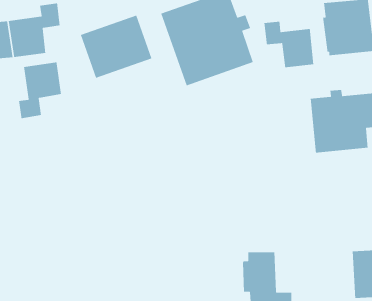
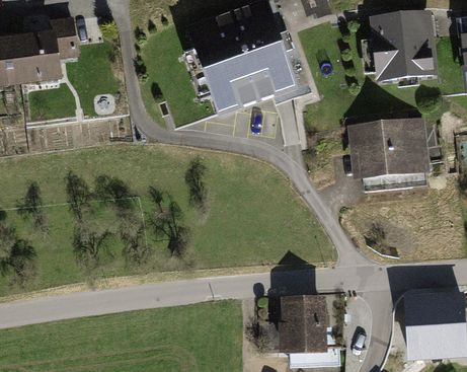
building: [80,14,152,79] -> none
building: [263,21,314,68] -> none
building: [18,62,62,119] -> none

